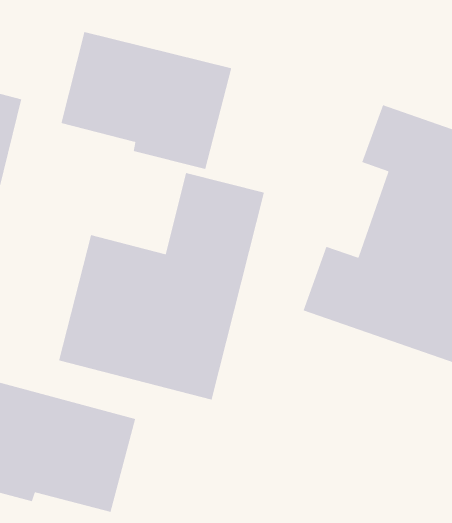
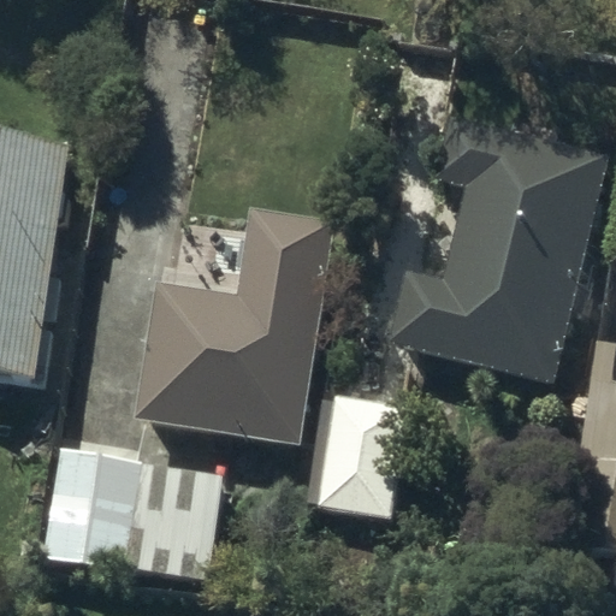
building: [61,31,232,170] -> none
building: none -> [303,396,409,526]

